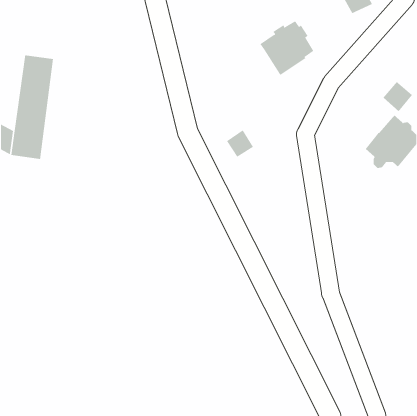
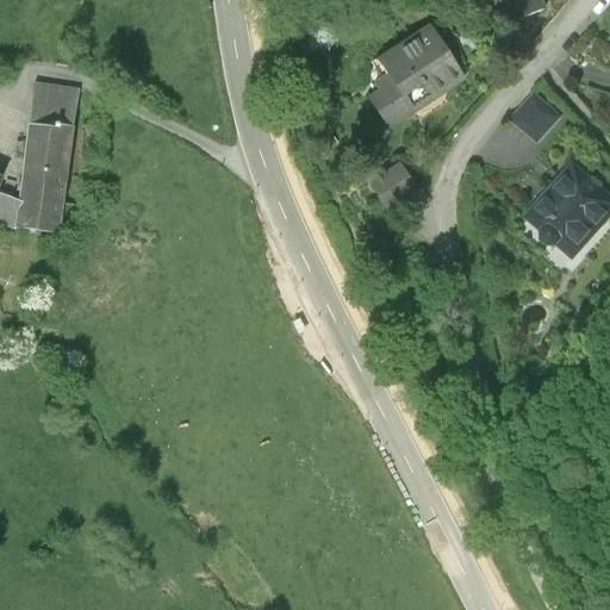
building: none -> [367,73,407,124]
building: [383,81,413,112] -> [515,94,559,139]
building: [226,130,254,157] -> [368,164,409,205]

